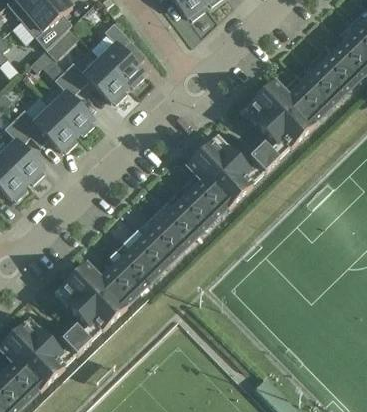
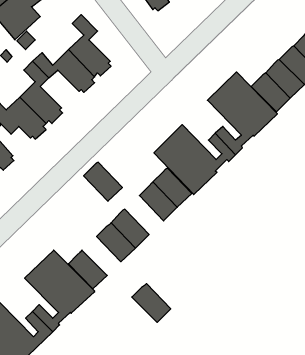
building: [157,208,197,248] -> [84,162,122,201]
building: [113,250,153,290] -> [132,284,171,322]

